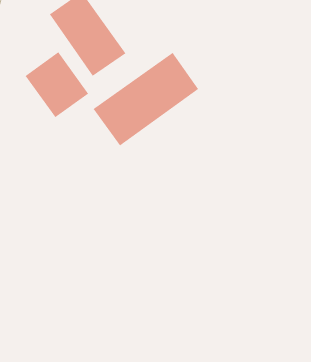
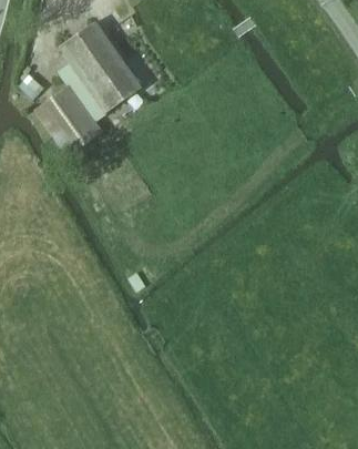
building: [92,52,199,146] -> none

